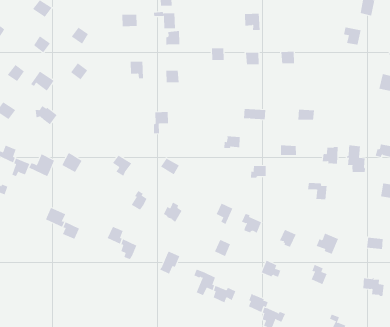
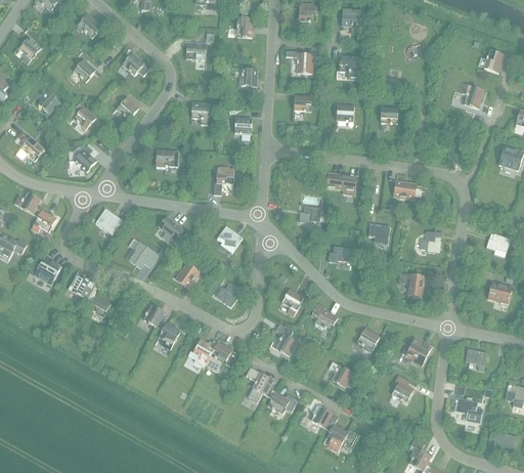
building: [153,11,176,29] -> [286,50,313,73]
building: none -> [156,148,178,168]
building: [346,144,365,173] -> none
building: [28,153,55,177] -> [28,255,61,285]
building: none -> [129,242,158,267]
building: none -> [193,338,218,367]

